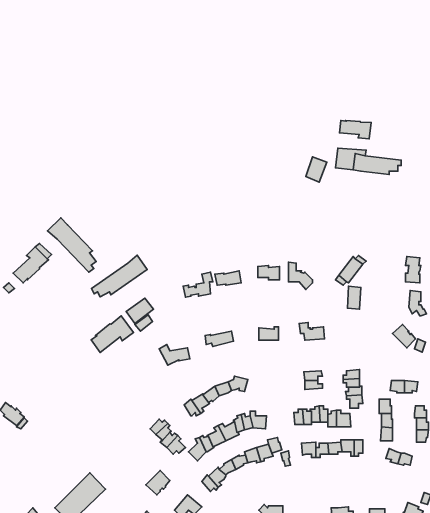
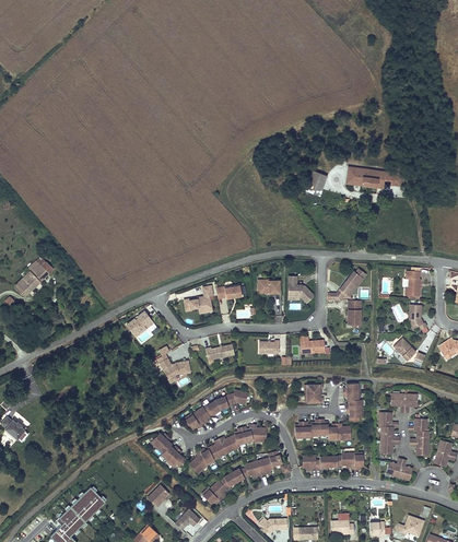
building: [339,121,371,139] -> none
building: [48,218,96,272] -> none
building: [92,255,147,297] -> none
building: [91,316,133,352] -> none

